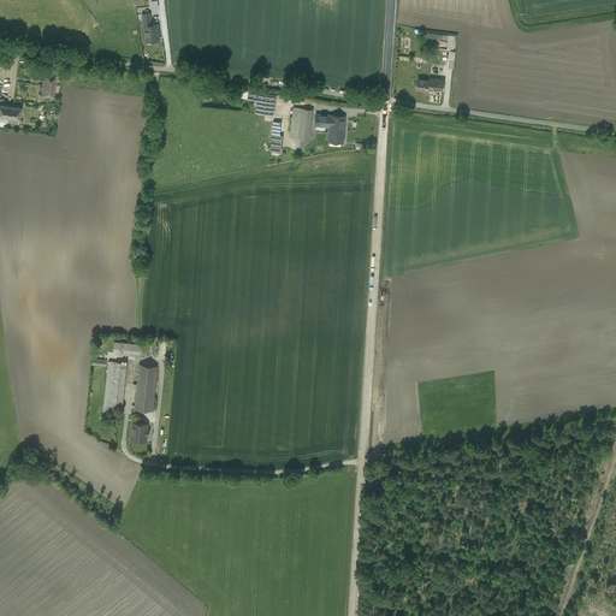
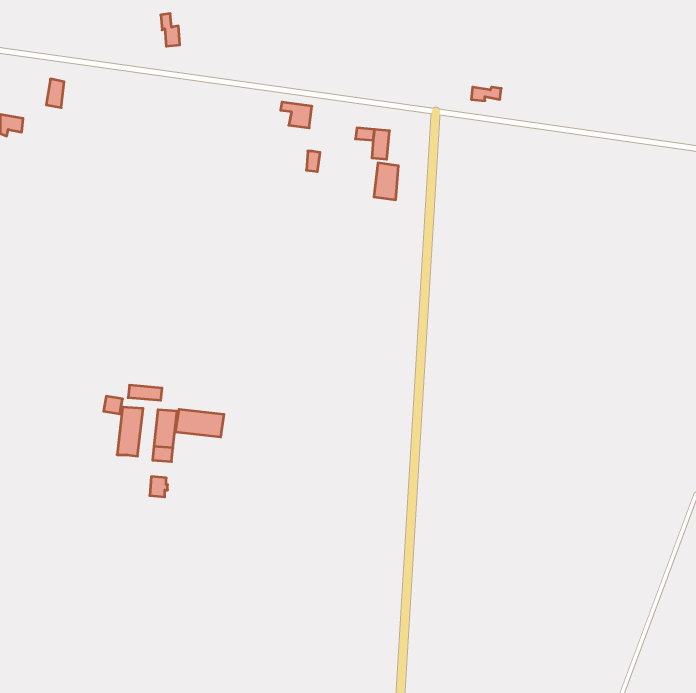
building: [290,108,312,141] -> [374,163,398,200]
building: none -> [176,409,224,437]

